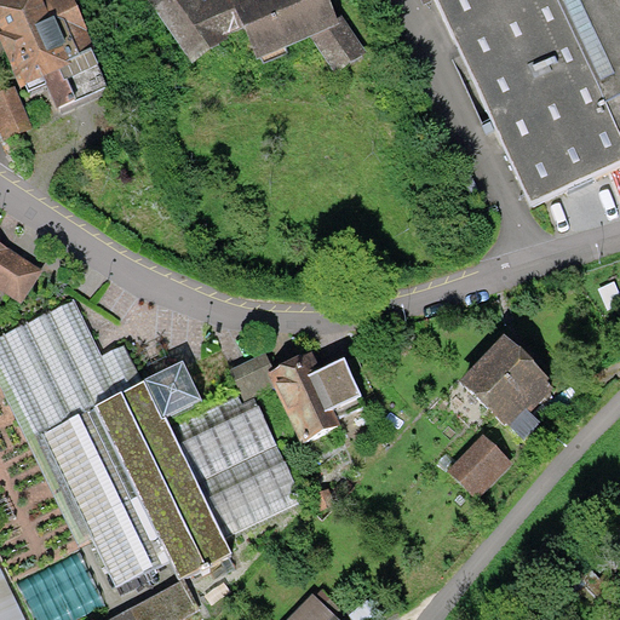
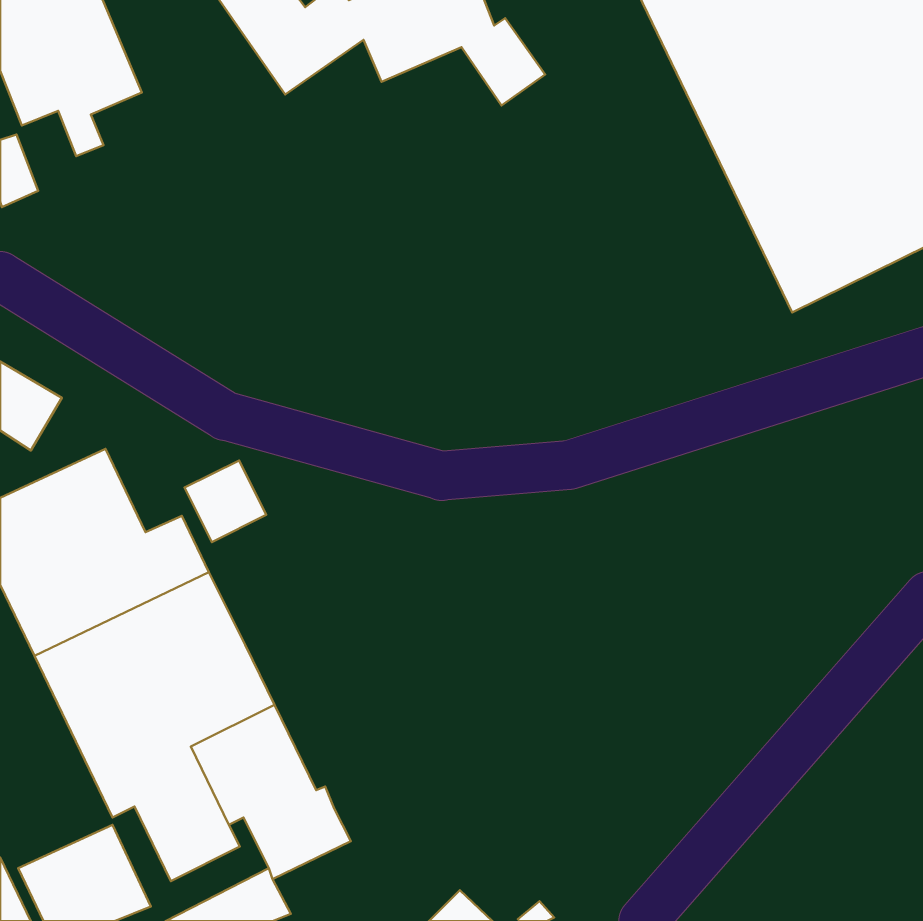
building: [457,338,549,444] -> none
building: [228,349,346,443] -> none
building: [143,363,197,418] -> [185,460,266,542]
building: [167,397,303,539] -> none
building: [452,435,512,498] -> none

